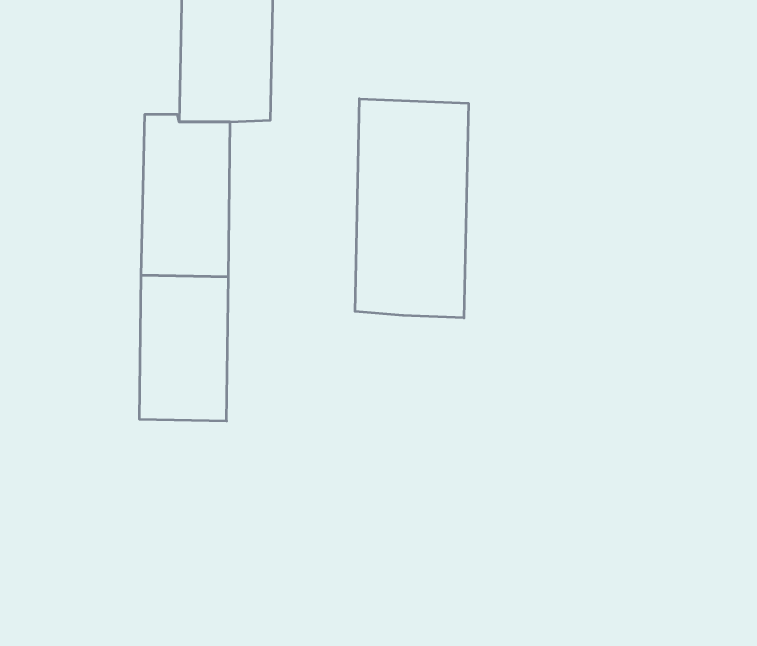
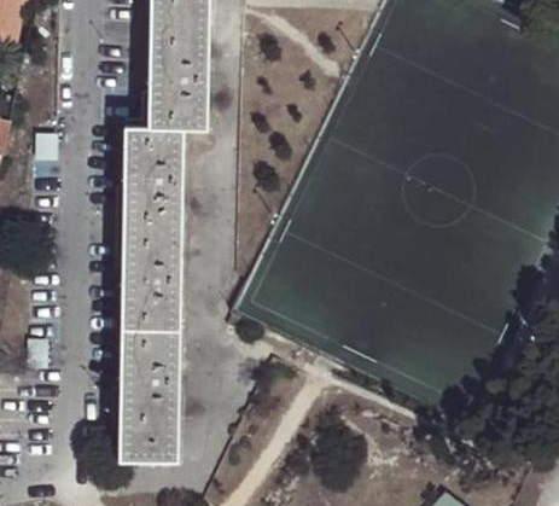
building: [355,99,468,318] -> none
building: none -> [117,327,179,464]

